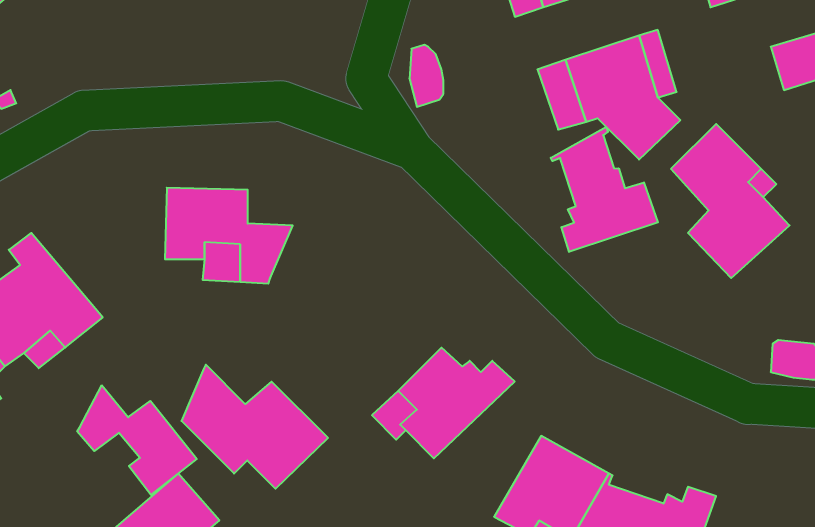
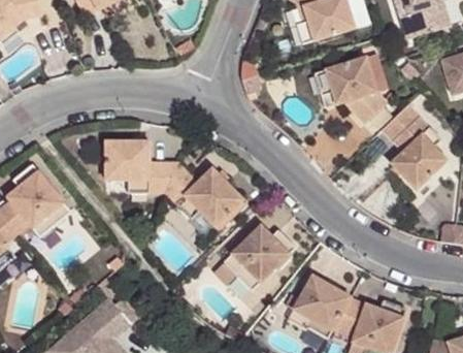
building: [551,127,658,252] -> none
building: [181,365,328,489] -> [163,157,243,225]
building: [77,385,197,495] -> none

